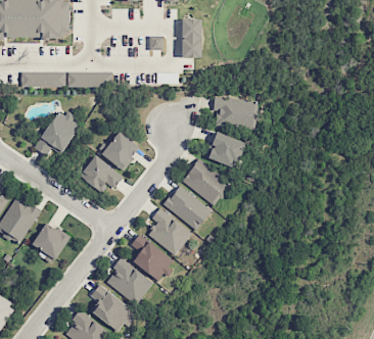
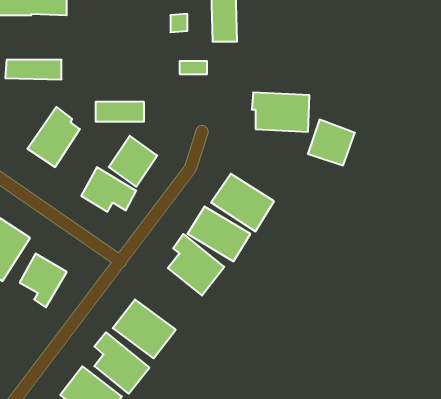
building: [67,71,105,87] -> [96,102,144,122]
building: [207,132,244,167] -> [308,120,355,165]
building: [130,234,173,281] -> none

